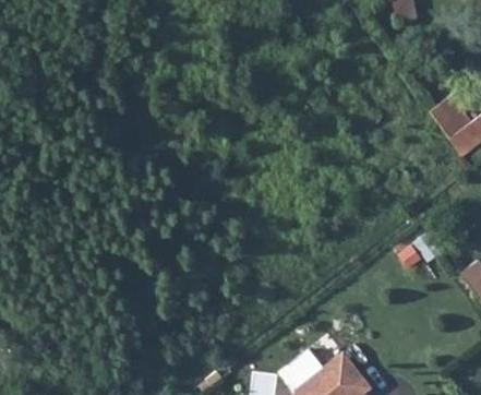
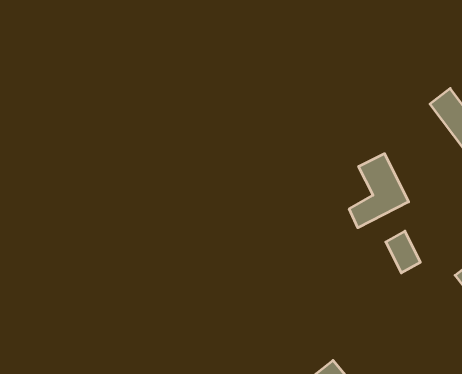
building: none -> [349,154,409,228]

